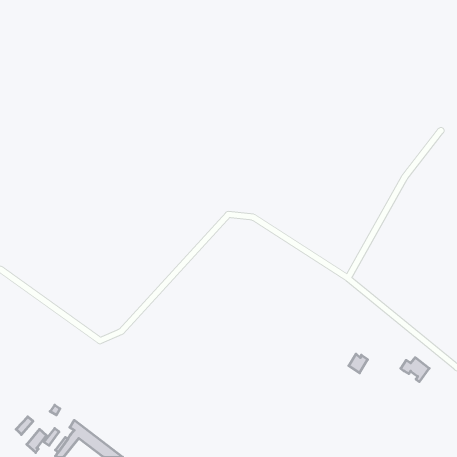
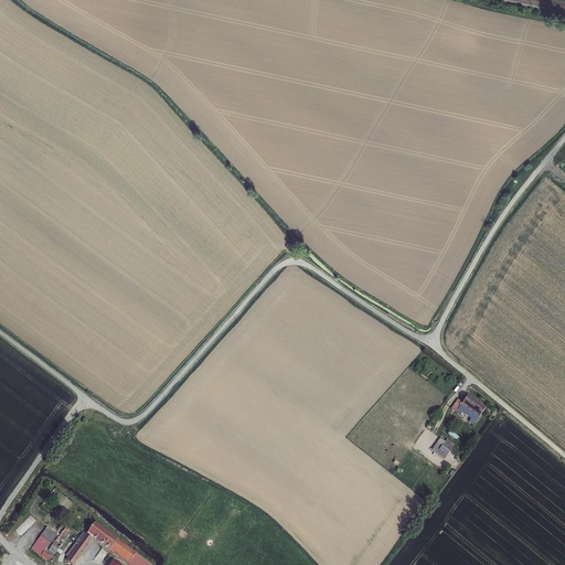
building: [401,358,429,382] -> [449,394,484,424]

